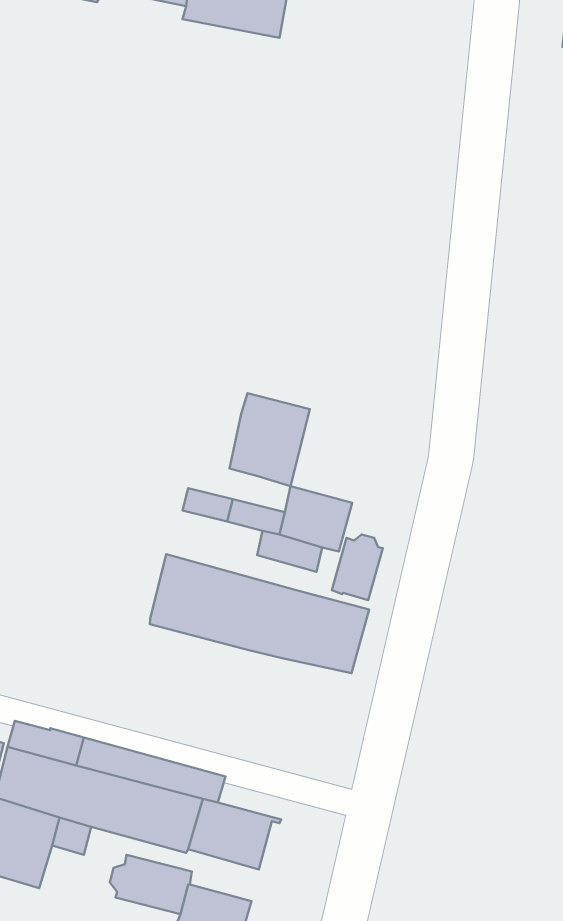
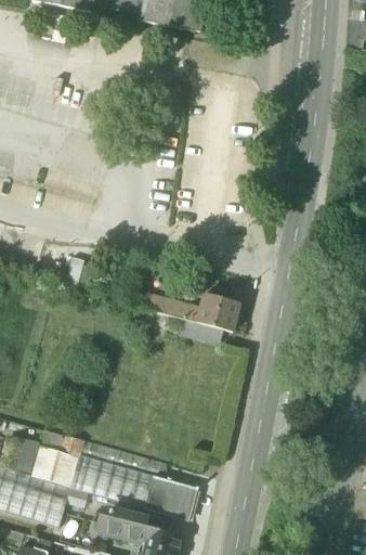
building: [229,393,310,486] -> none
building: [332,534,383,600] -> none
building: [150,554,369,673] -> none

